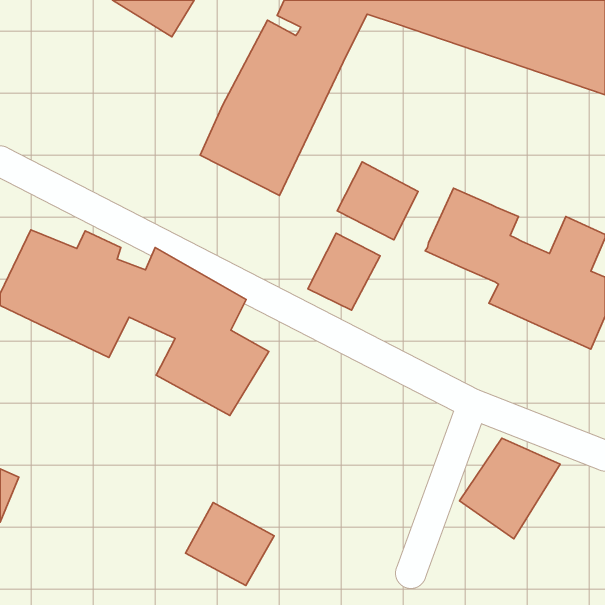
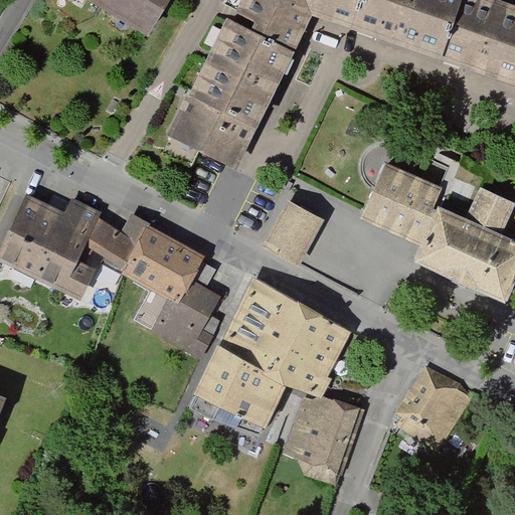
building: [337,162,418,240] -> none
building: none -> [198,284,364,491]
building: [186,502,274,585] -> none

